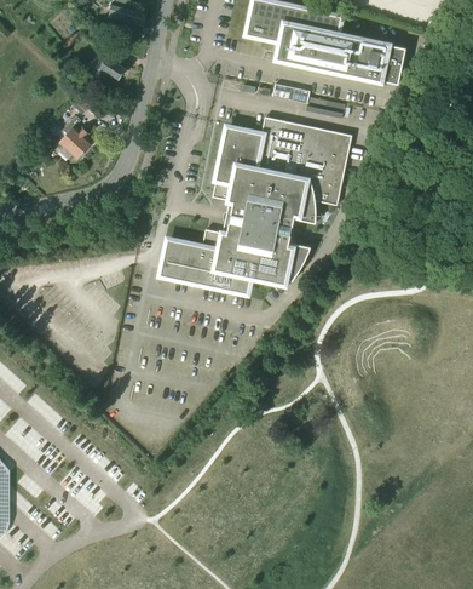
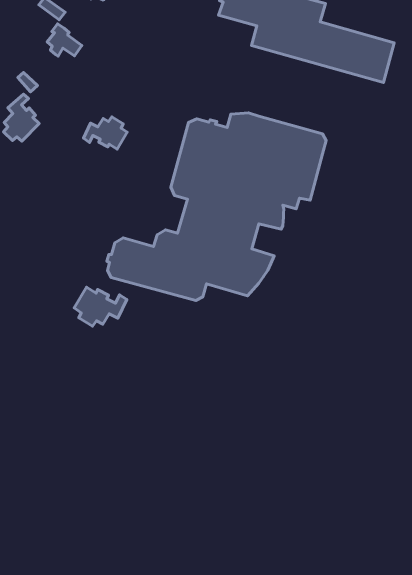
building: none -> [83,117,127,149]
building: none -> [74,287,127,326]

